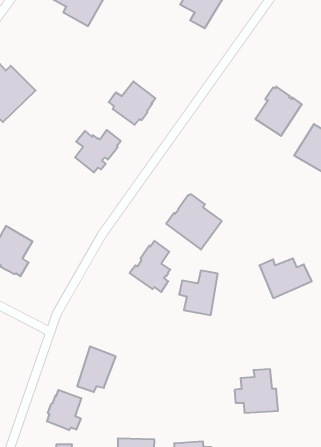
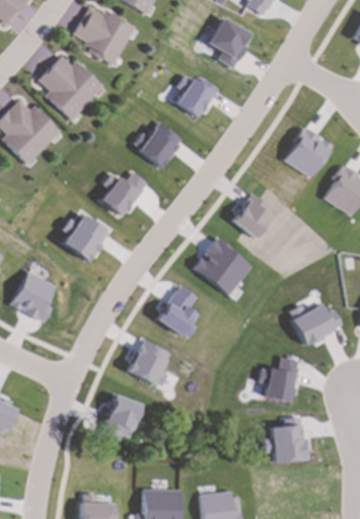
building: none -> [38,56,102,120]
building: none -> [176,76,219,118]
building: none -> [233,194,273,239]
building: none -> [60,214,109,263]
building: [179,271,218,315] -> [259,357,298,402]
building: none -> [128,340,170,389]
building: [47,390,81,430] -> none

